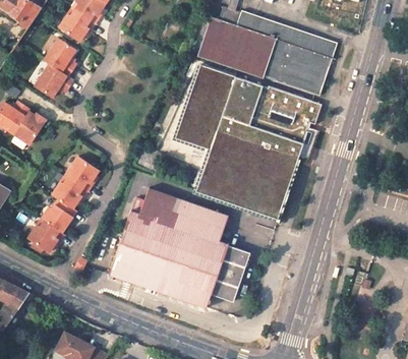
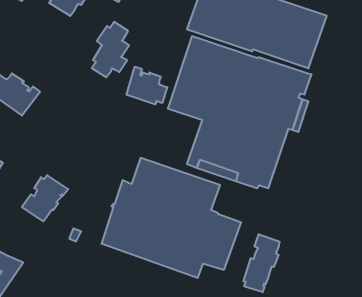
building: [39,41,76,97] -> [92,22,129,77]
building: none -> [126,67,167,104]
building: [51,156,101,210] -> none
building: none -> [243,234,280,292]

